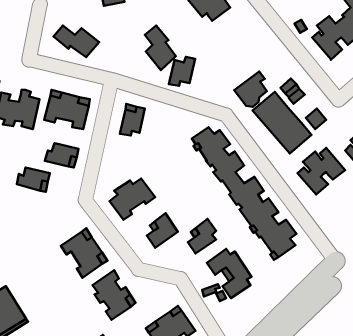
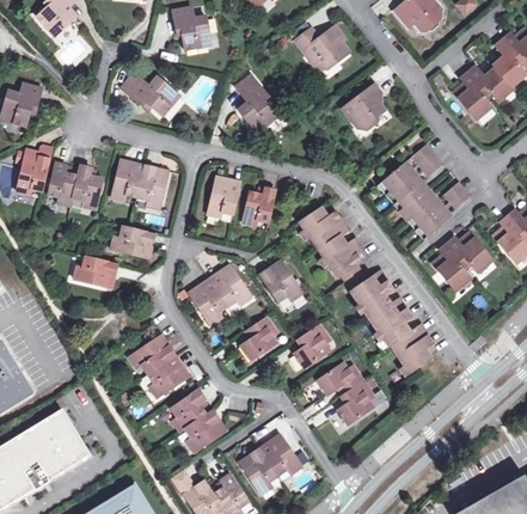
building: [169,57,195,86] -> [241,188,275,225]
building: [234,71,267,107] -> [342,85,384,130]
building: none -> [259,265,302,299]

